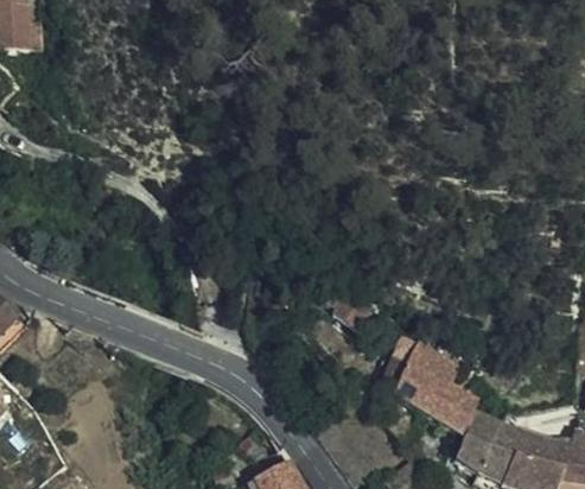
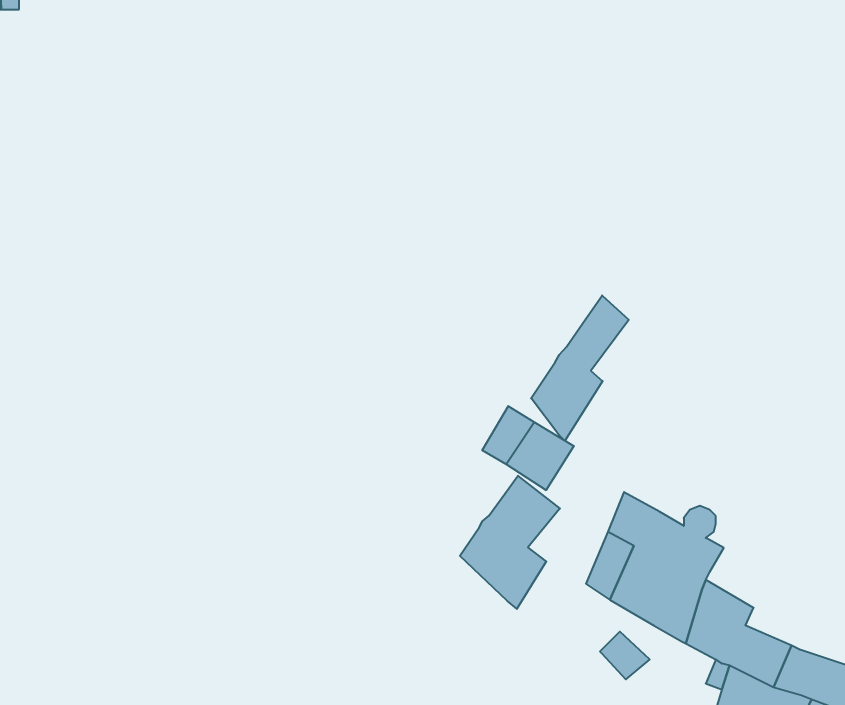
building: none -> [531,295,629,441]
building: none -> [460,476,560,609]

